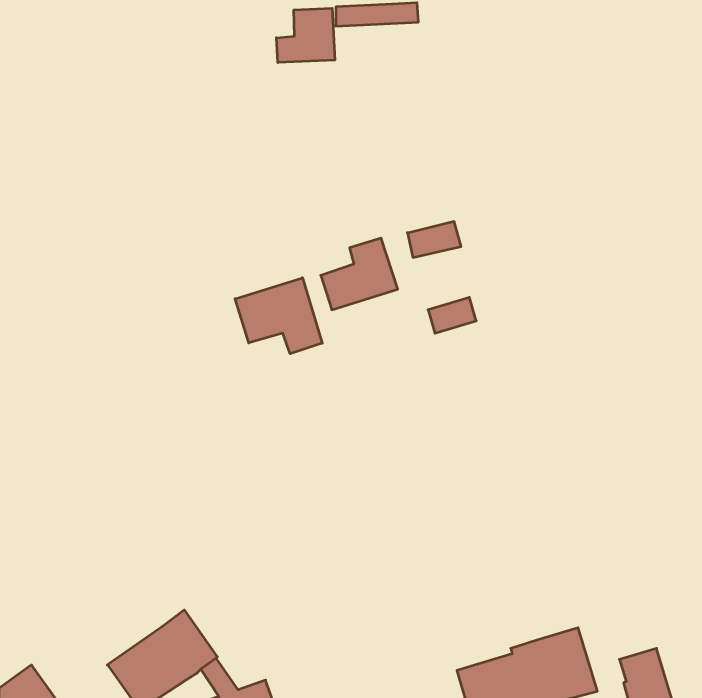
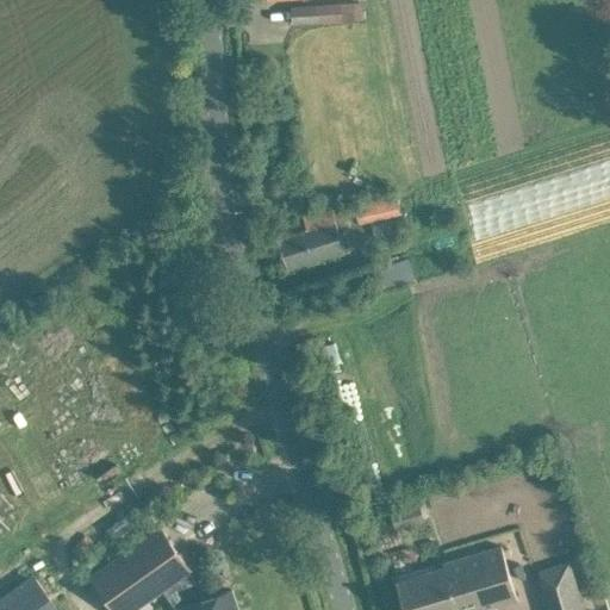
building: [276,8,335,63] -> none
building: [235,278,322,354] -> none

